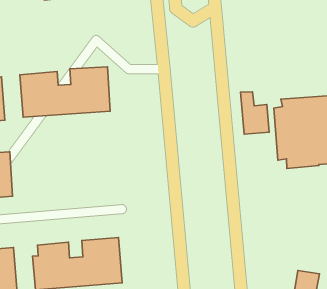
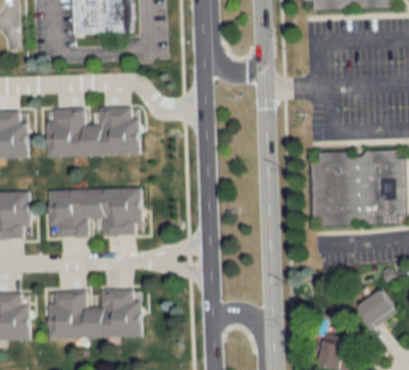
building: [241,92,269,134] -> none
building: none -> [49,188,142,235]

